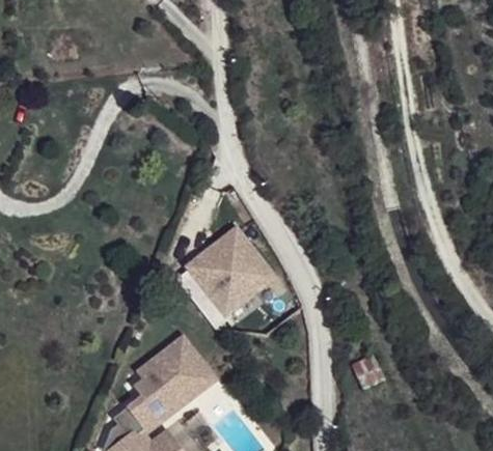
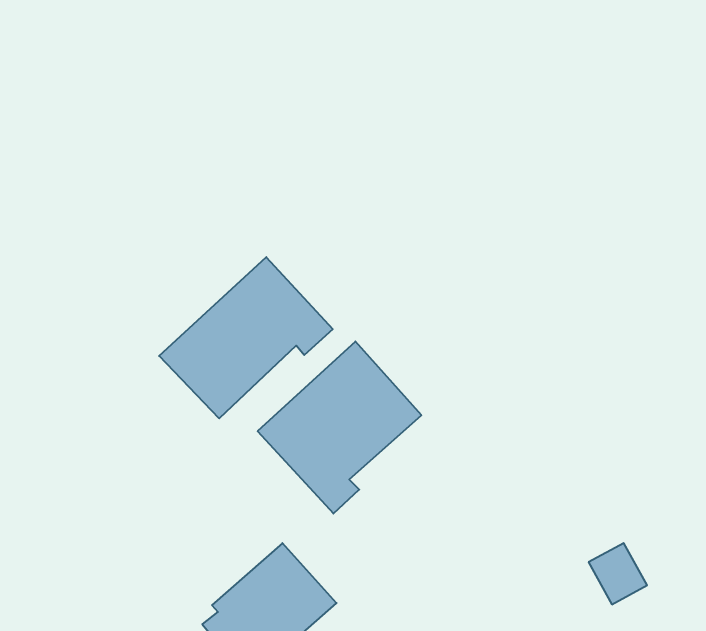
building: none -> [159,257,333,418]

